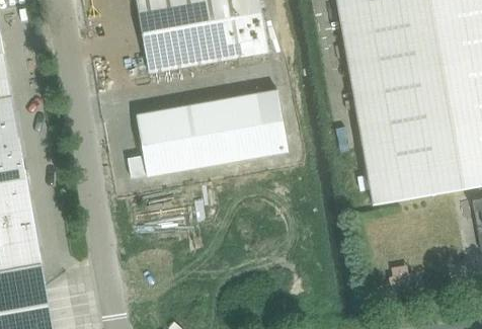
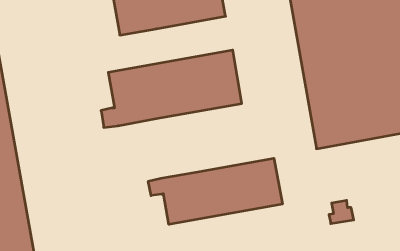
building: none -> [148,158,282,224]

